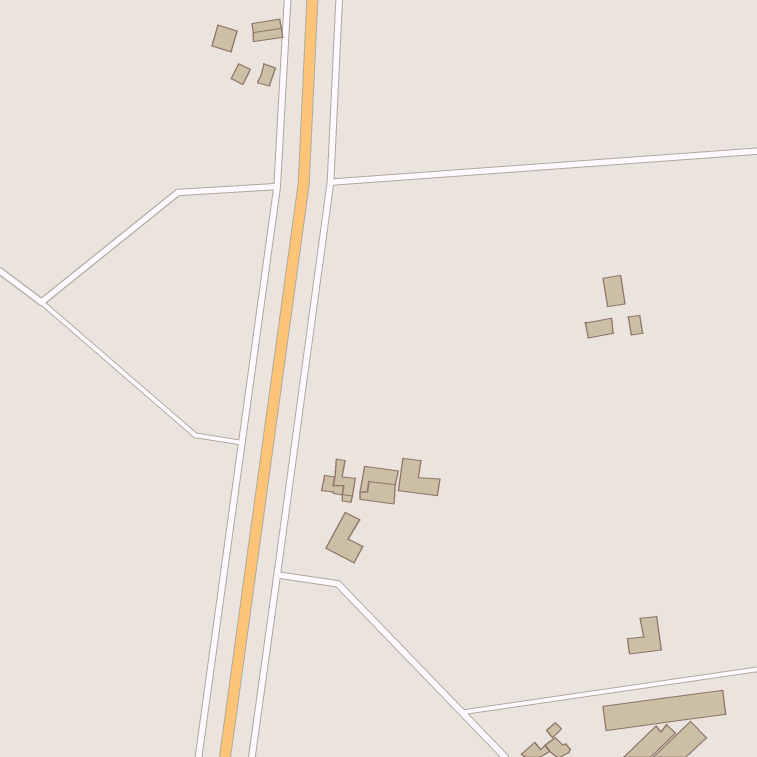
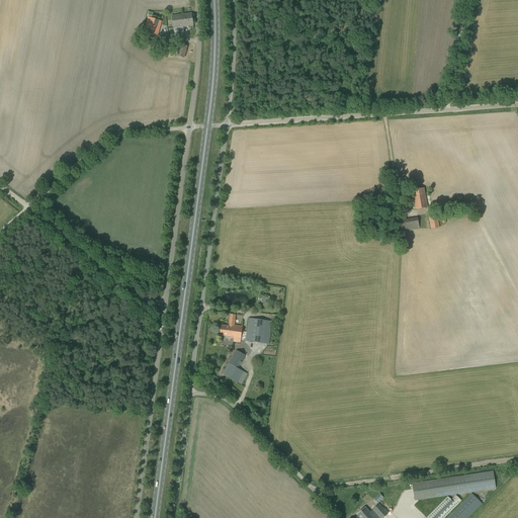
building: [399,458,440,496] -> none
building: [628,616,661,654] -> none

